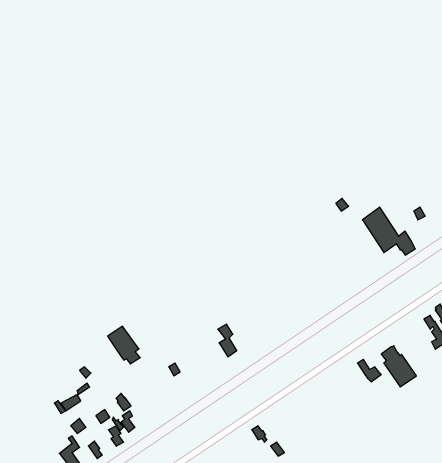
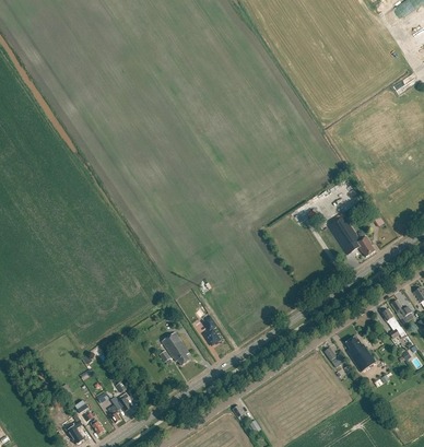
building: [108,326,140,364] -> [162,331,190,364]

